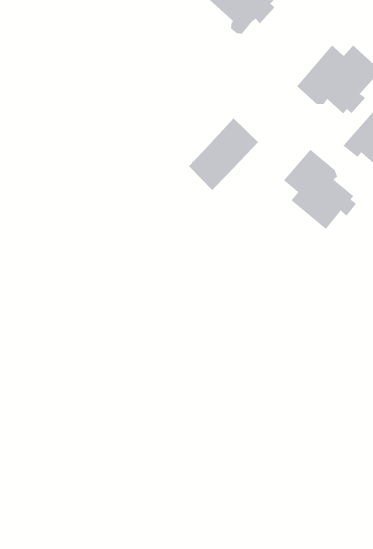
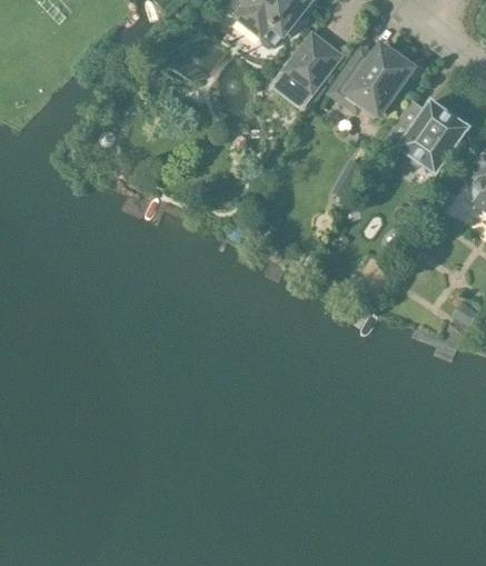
building: [188,117,259,191] -> [275,33,340,106]
building: [283,149,357,230] -> none

